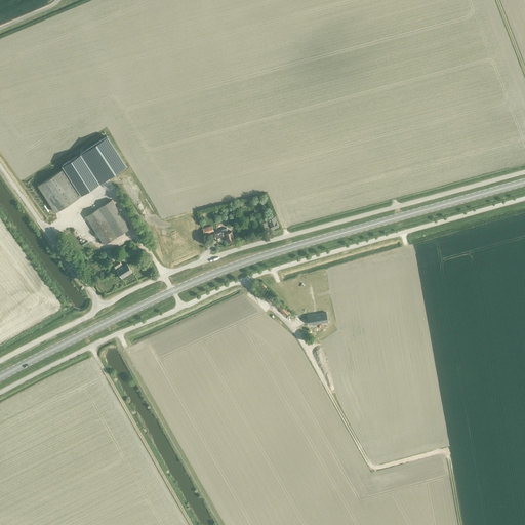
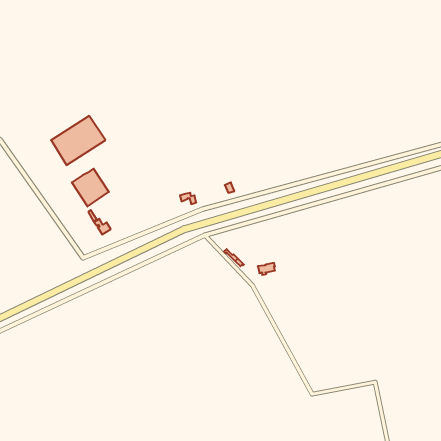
building: [38,170,79,212] -> none

